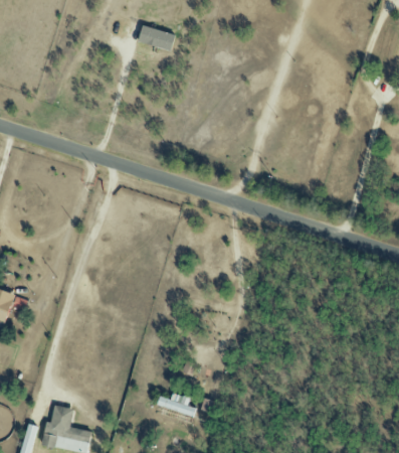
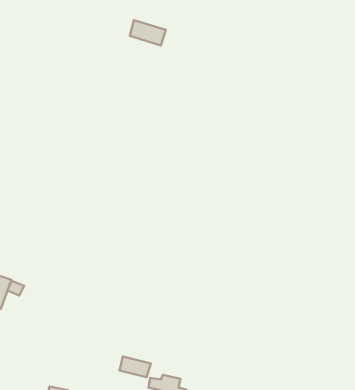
building: none -> [119,356,151,377]

